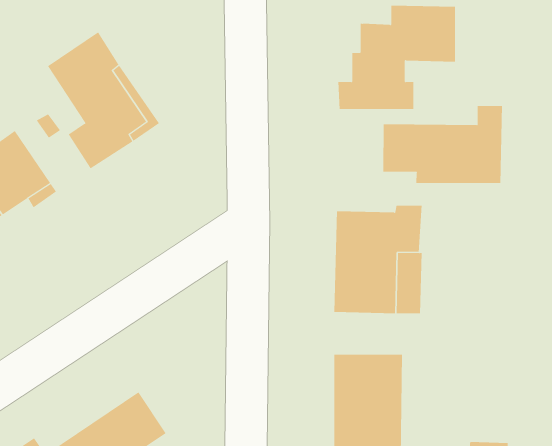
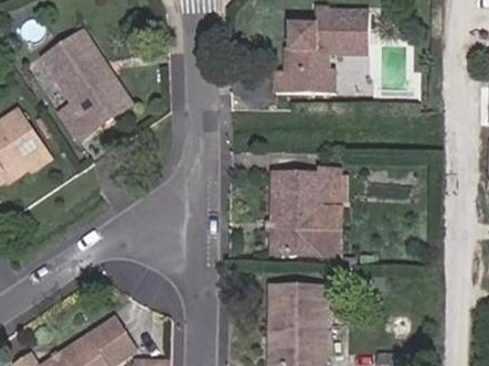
building: [383,105,502,184] -> none

